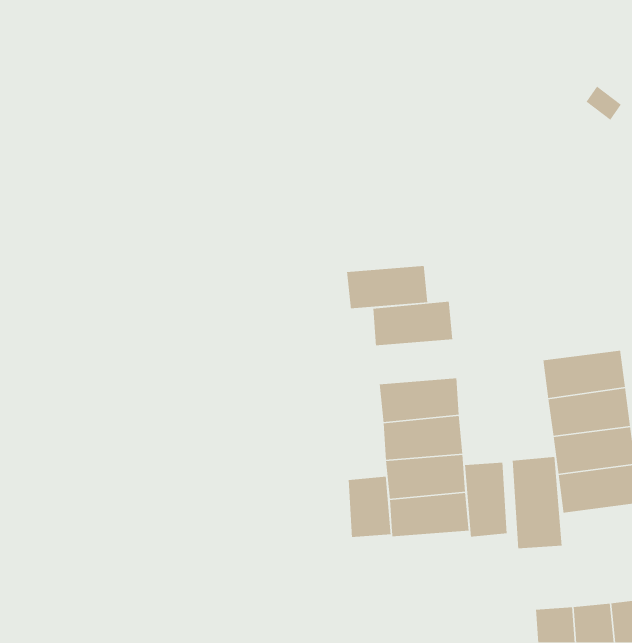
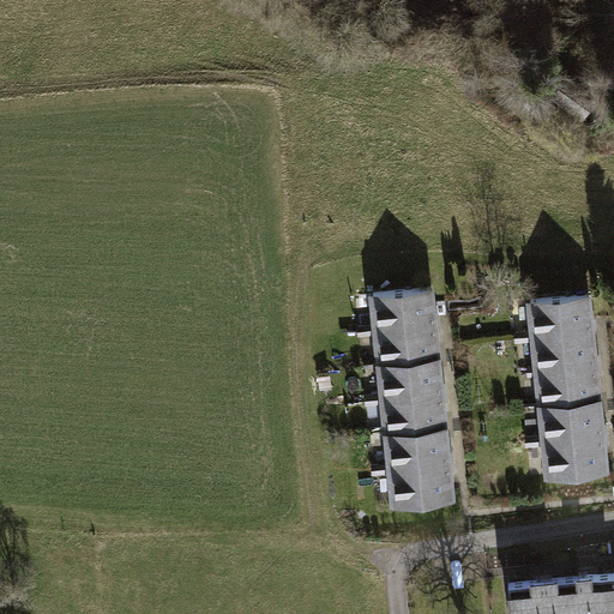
building: [346,265,428,309] -> [368,324,446,366]
building: none -> [523,297,602,343]
building: [512,456,563,549] -> none
building: [464,462,507,537] -> none
building: [348,476,391,538] -> none

